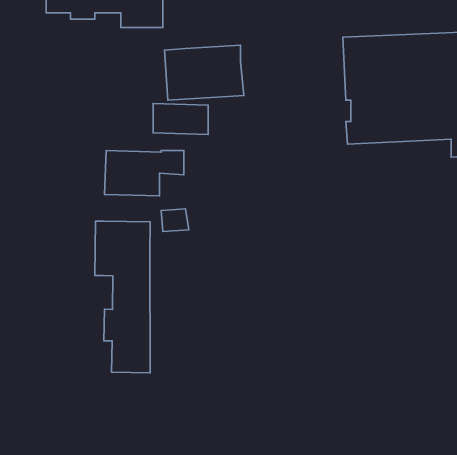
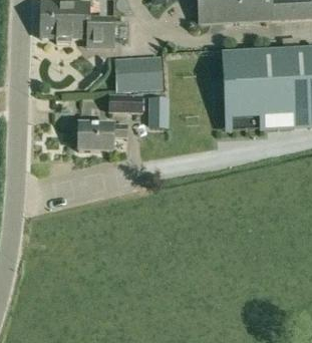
building: none -> [147,96,168,124]
building: [95,221,150,373] -> none

